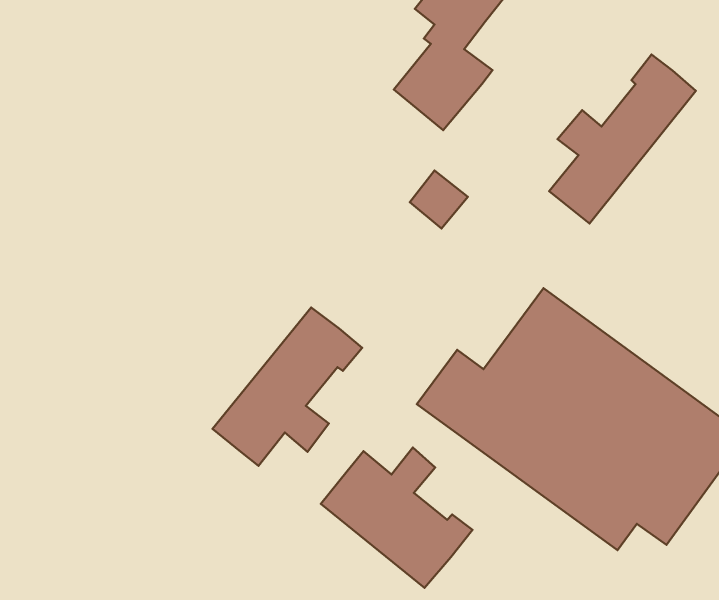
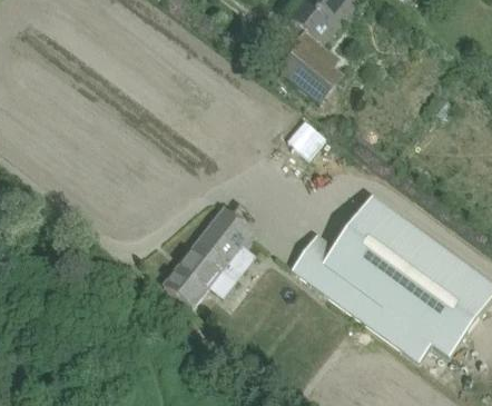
building: [549,54,696,224] -> none
building: [321,447,472,588] -> none

